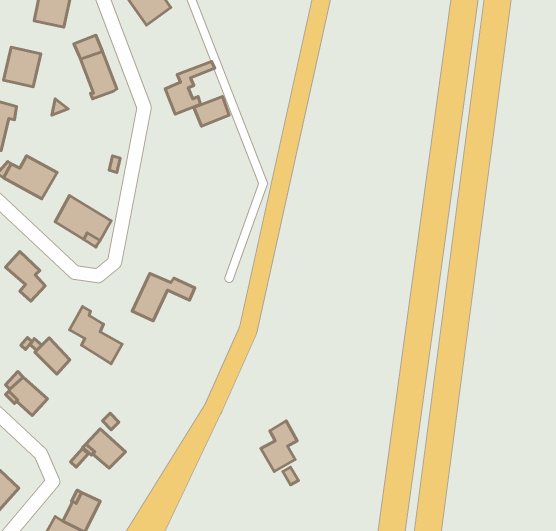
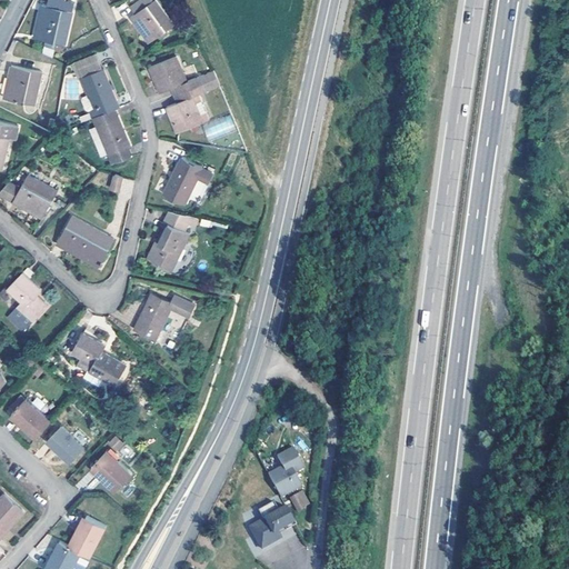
building: none -> [151,57,214,93]
building: none -> [89,110,131,164]
building: none -> [164,159,212,206]
building: none -> [151,212,192,273]
building: [35,338,70,374] -> [44,426,80,462]
building: none -> [247,499,292,546]

